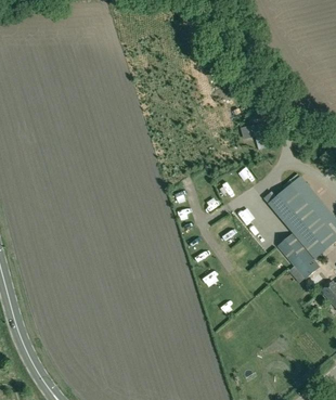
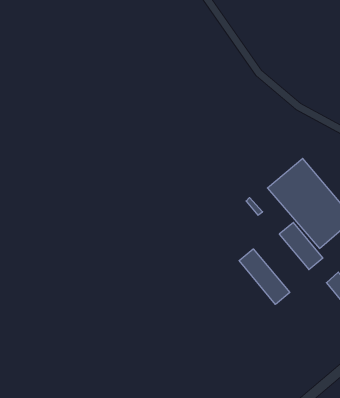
building: none -> [239,249,290,304]

